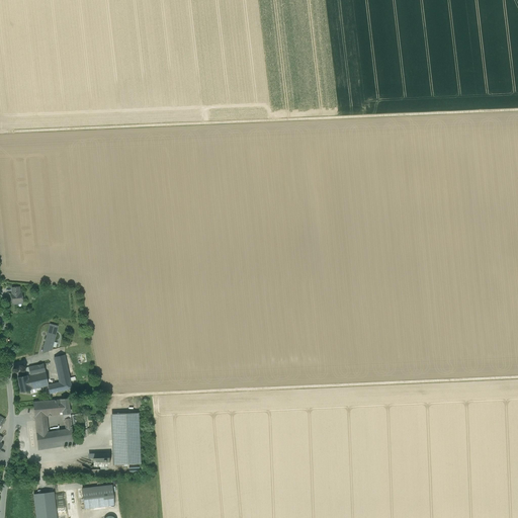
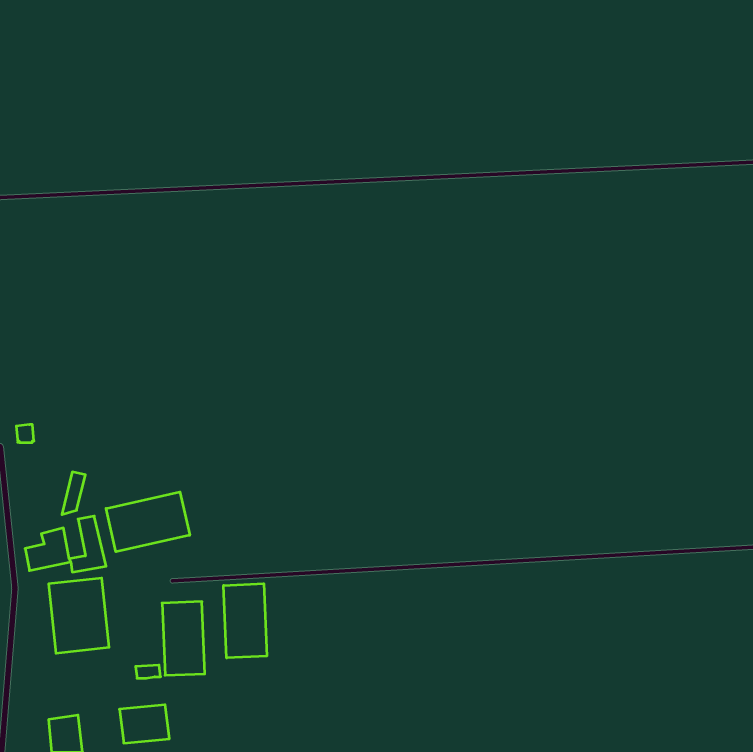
building: none -> [106,492,190,552]
building: none -> [224,584,267,658]

